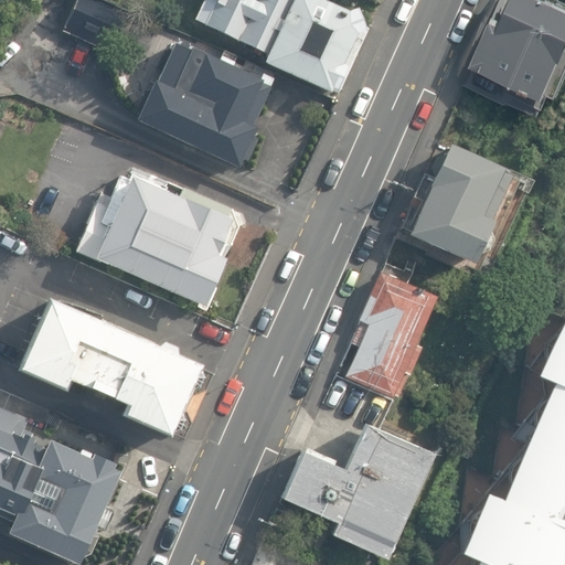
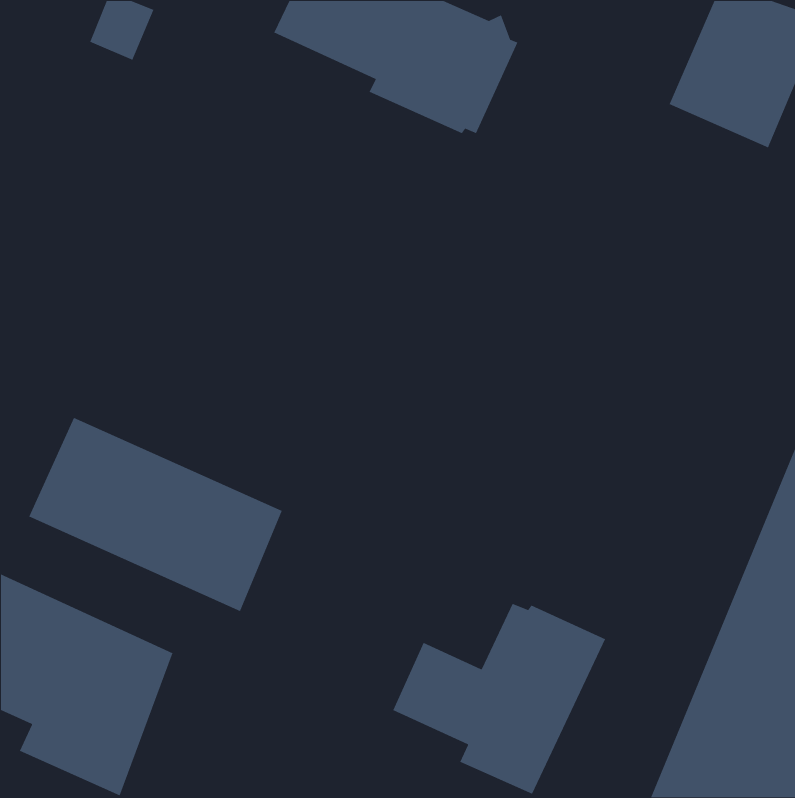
building: [135,45,274,171] -> none
building: [408,139,504,260] -> none
building: [85,164,243,303] -> none
building: [343,273,434,401] -> none

